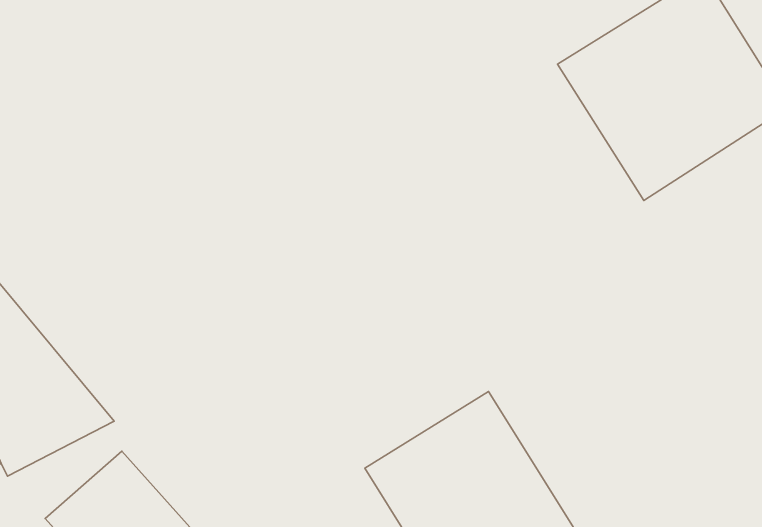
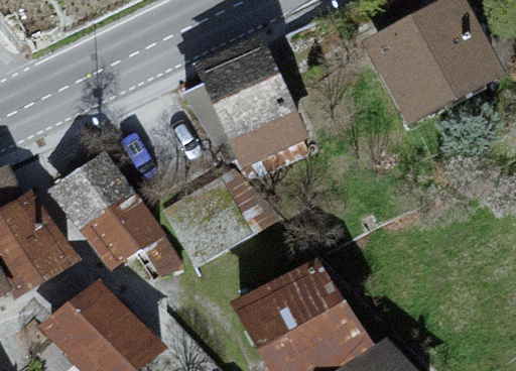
building: none -> [183,51,301,170]
building: none -> [53,140,168,267]

